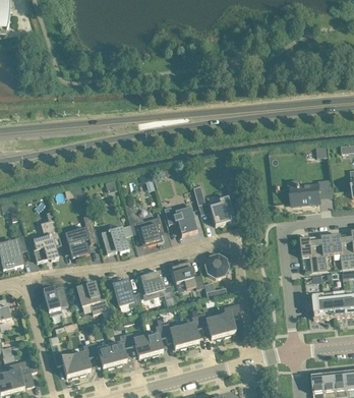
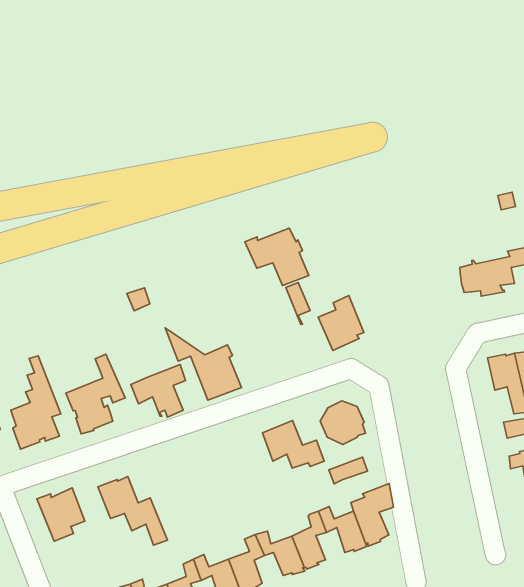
building: [163,202,196,233] -> [245,228,309,286]
building: [139,269,165,295] -> none
building: [109,278,141,305] -> none

